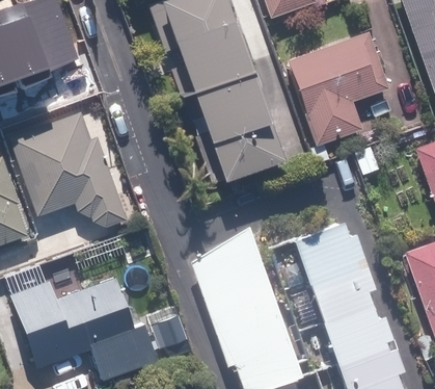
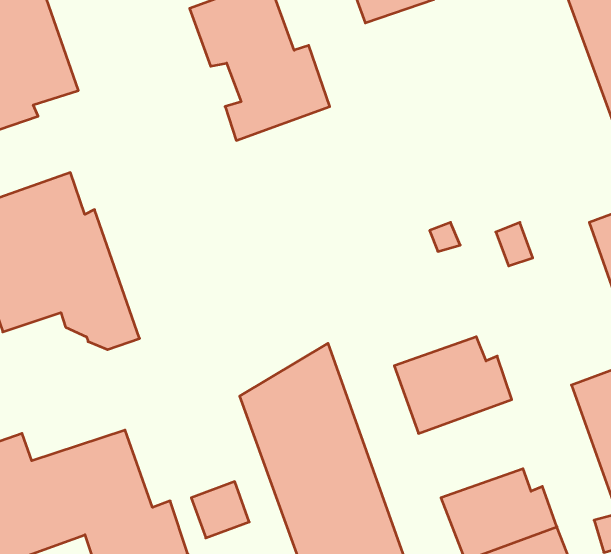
building: [288,34,389,147] -> none
building: [189,71,270,178] -> none
building: [306,260,376,323] -> none

